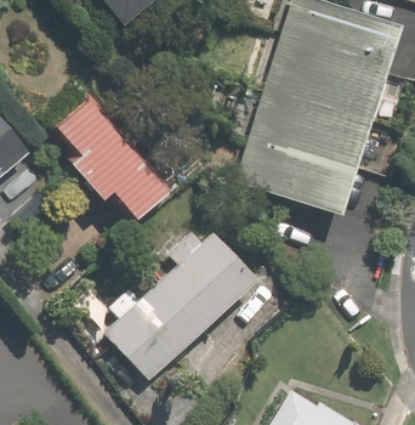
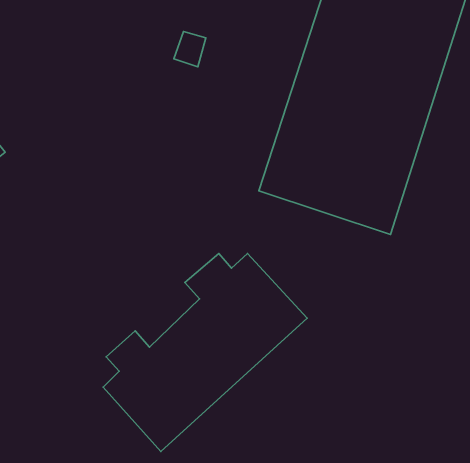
building: [62,98,177,221] -> none

